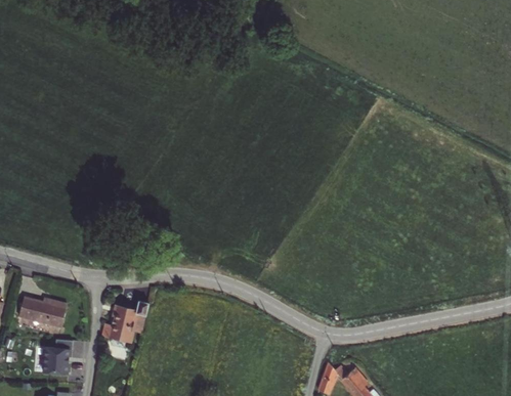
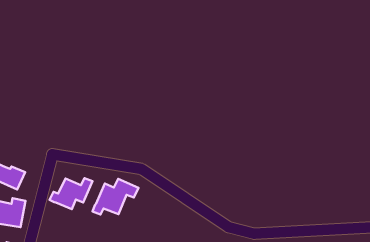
building: none -> [93,179,139,214]

